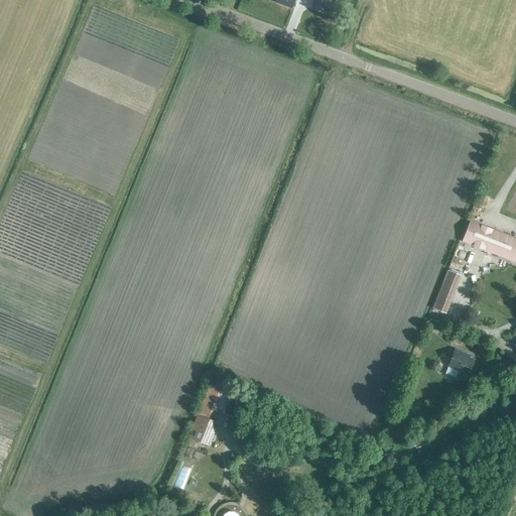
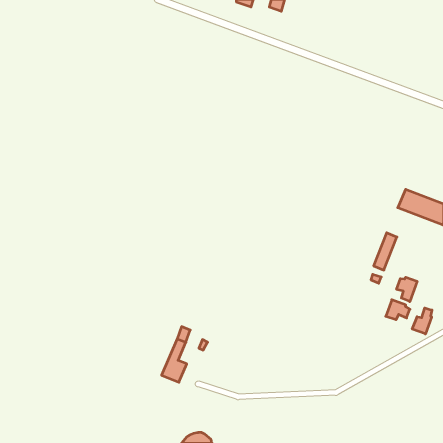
building: none -> [397,277,417,302]
building: none -> [412,308,432,334]

